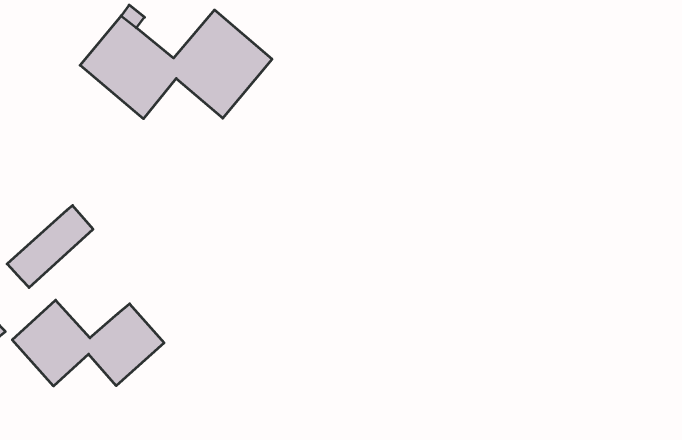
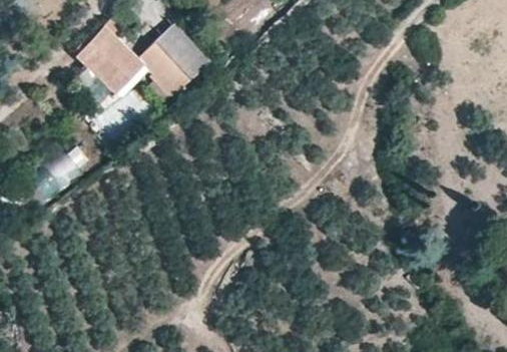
building: [12,300,164,386] -> none

